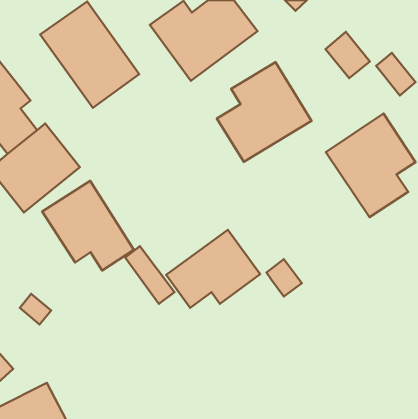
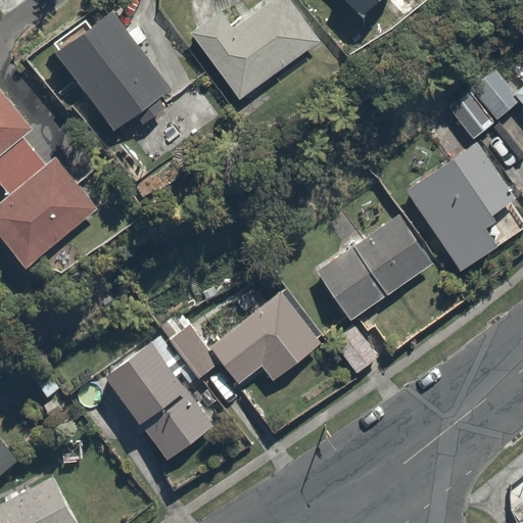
building: [325,32,370,78] -> [441,84,496,141]
building: [217,62,312,162] -> none
building: none -> [315,215,434,320]
building: [42,181,134,270] -> none
building: none -> [104,342,211,464]

